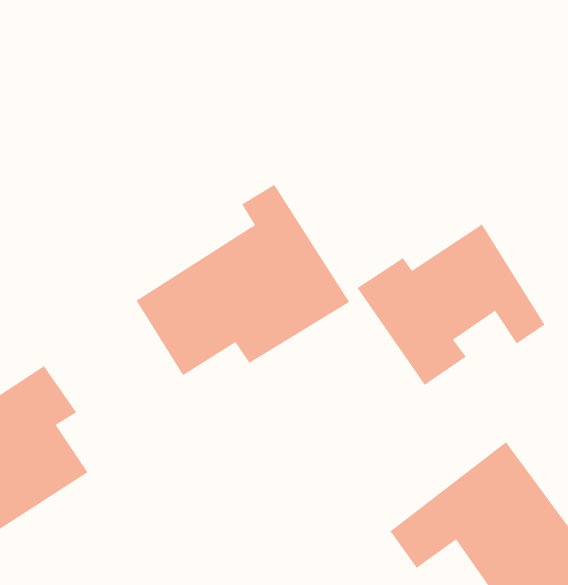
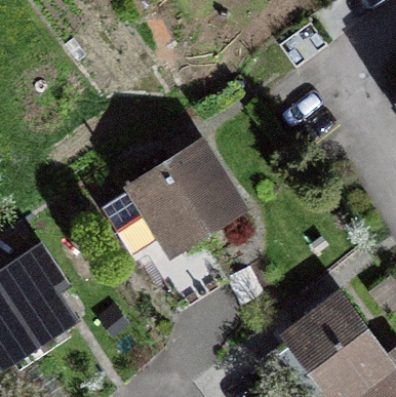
building: [356,224,545,386] -> none

